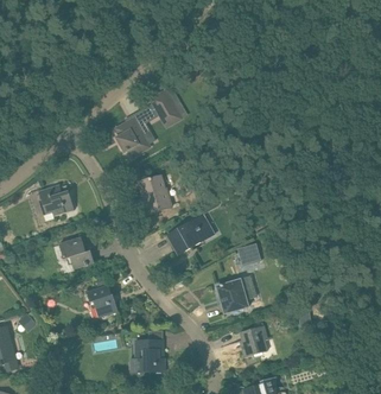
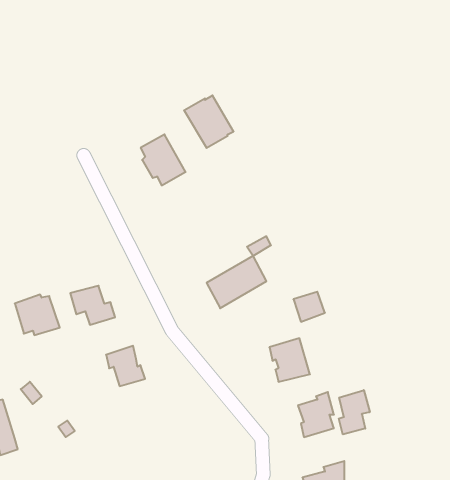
building: [138,176,171,214] -> none
building: [38,184,74,216] -> [15,295,60,335]
building: none -> [339,390,370,434]
building: [134,339,164,371] -> none

